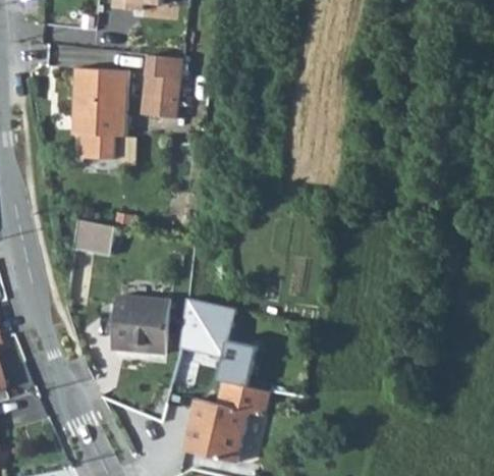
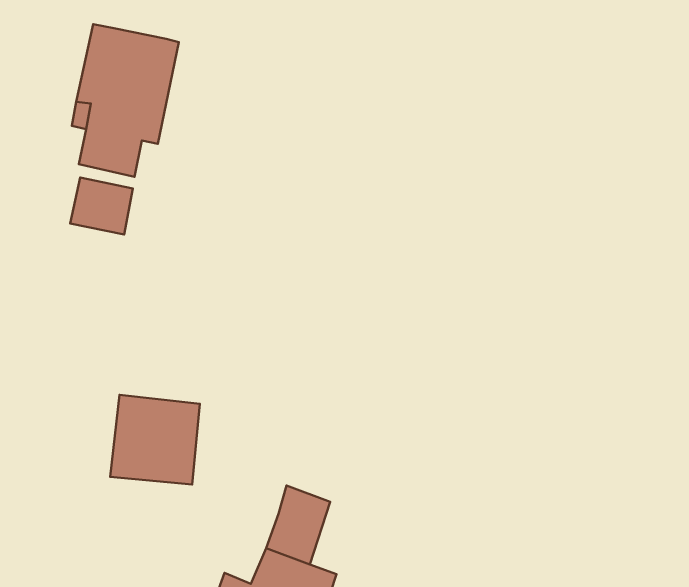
building: [144,52,181,115] -> none
building: [70,225,107,258] -> [70,178,133,235]
building: [180,303,235,361] -> none

